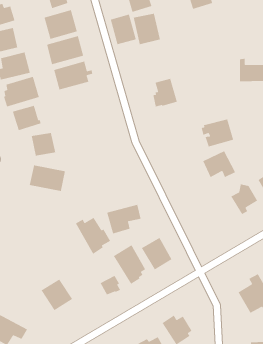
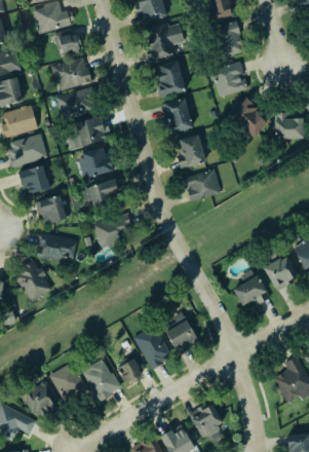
building: [110,14,137,45] -> [163,98,194,134]
building: none -> [211,63,248,98]
building: none -> [232,99,268,138]
building: none -> [80,146,115,179]
building: [201,119,234,147] -> [182,168,220,201]
building: none -> [84,182,118,208]
building: [202,150,236,178] -> [232,275,271,307]
building: none -> [14,259,52,302]
building: [106,204,141,235] -> [92,214,132,249]
building: [75,217,111,255] -> [79,359,120,402]
building: none -> [22,379,62,419]

